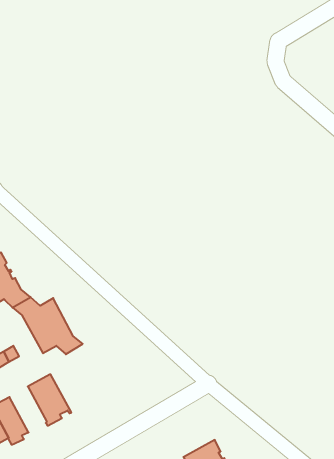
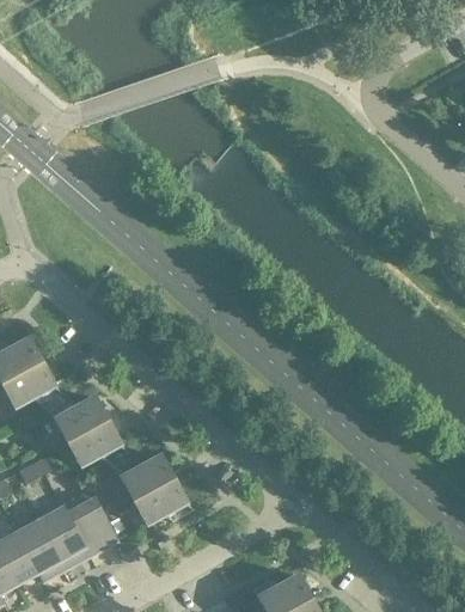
building: none -> [111,454,188,525]
building: none -> [41,508,87,569]

